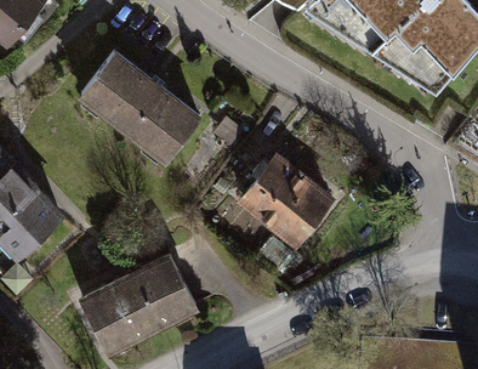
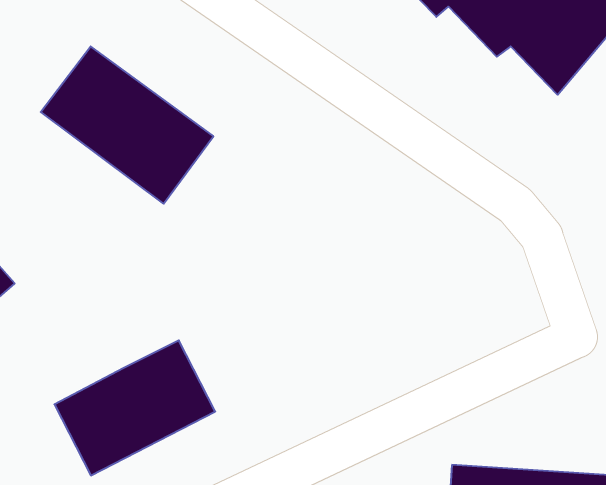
building: [245,159,332,244] -> none

